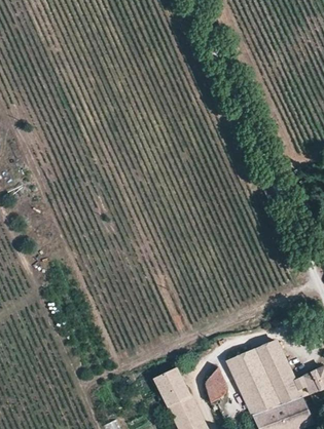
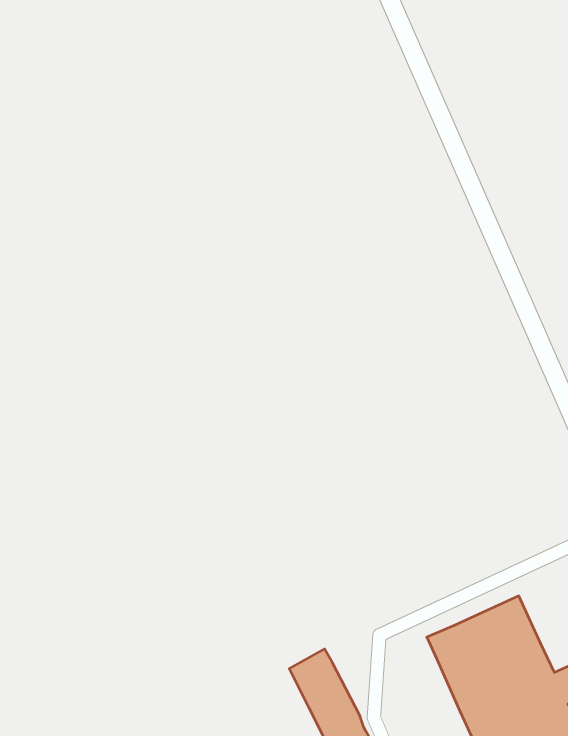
building: [203,370,231,403] -> none

